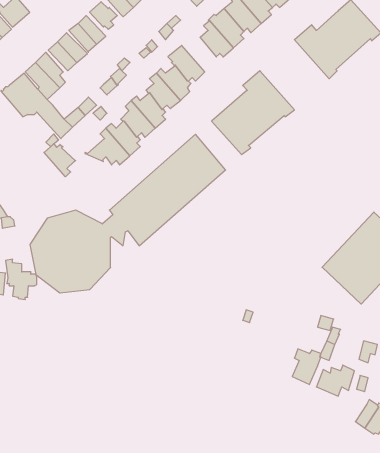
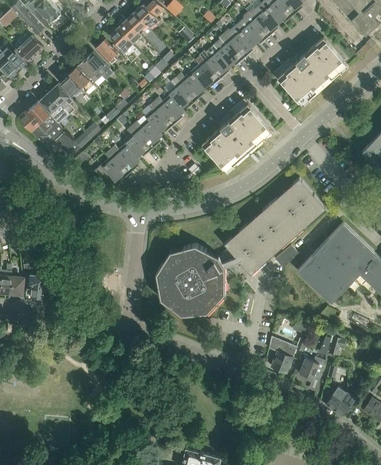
building: none -> [175,71,205,101]
building: [30,134,226,293] -> [155,178,325,316]
building: [44,144,76,177] -> none

